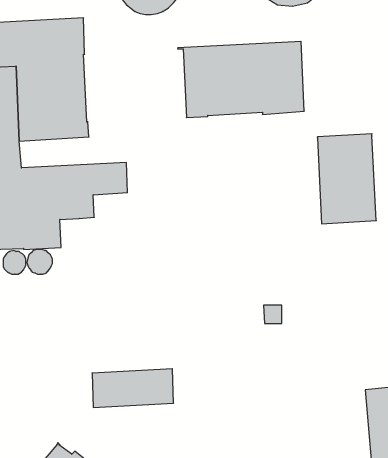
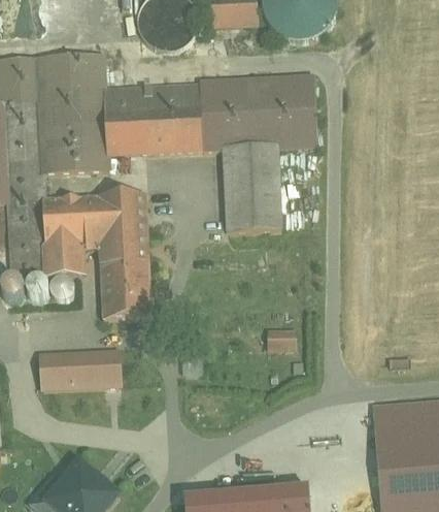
building: none -> [103,84,202,154]
building: [317,134,376,224] -> [223,145,279,231]
building: none -> [97,222,150,319]
building: [92,369,174,407] -> [40,351,119,388]

